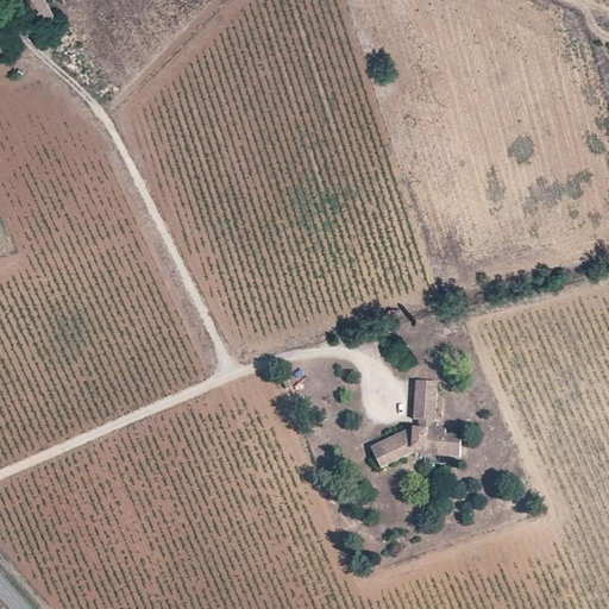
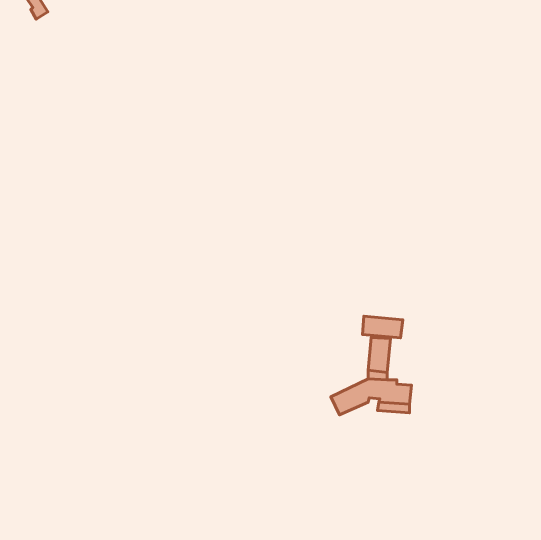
building: none -> [363,316,403,338]

